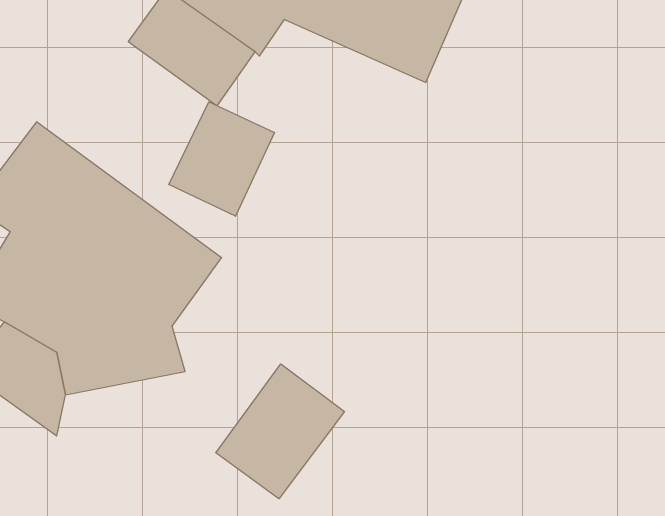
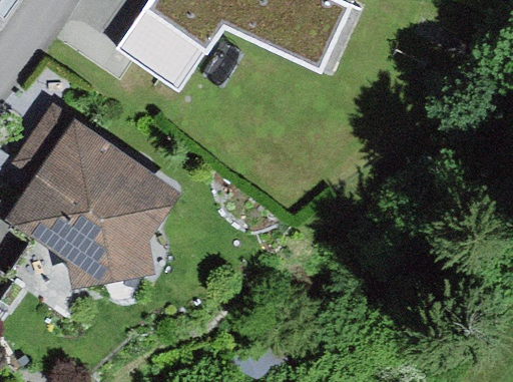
building: [169,102,274,216] -> none
building: [216,364,344,499] -> none

